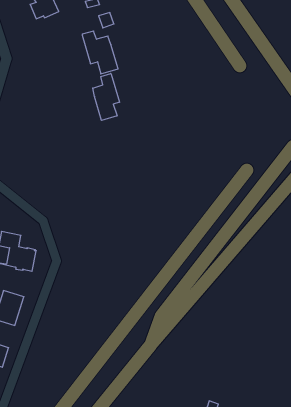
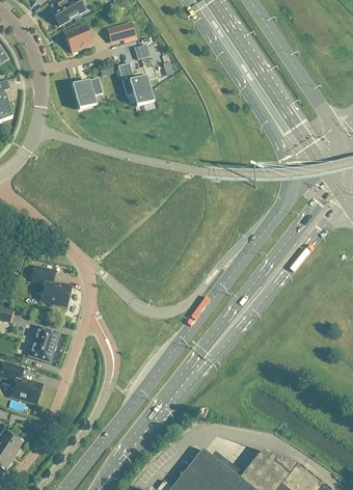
building: none -> [72,78,103,110]
building: [93,73,120,120] -> none

